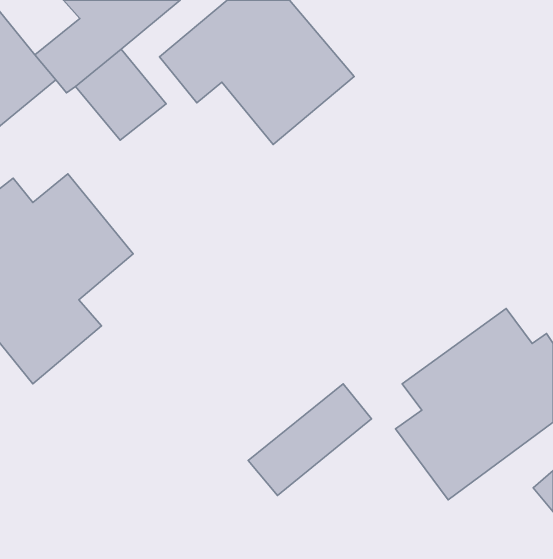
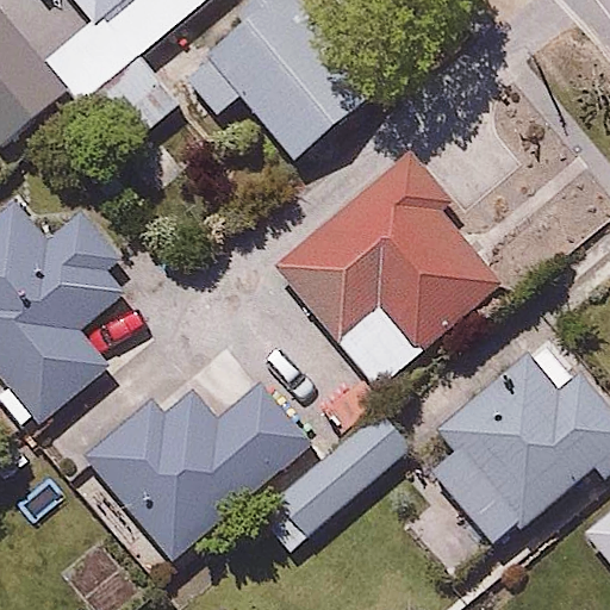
building: none -> [274,156,509,388]
building: none -> [79,385,312,567]

